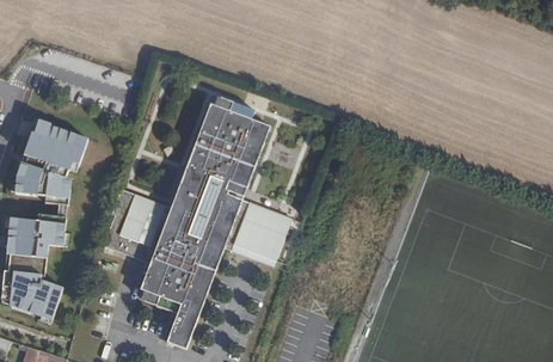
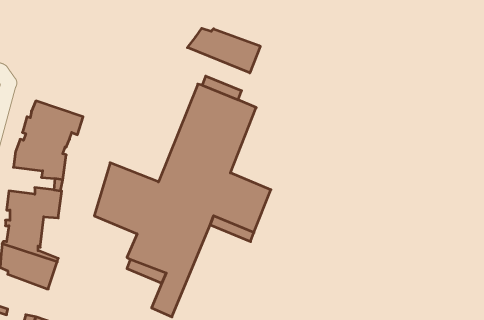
building: none -> [187,28,260,73]

